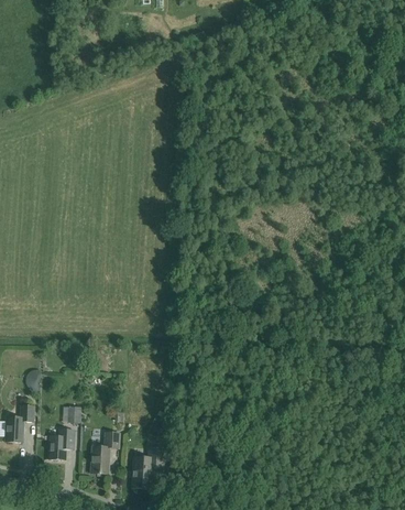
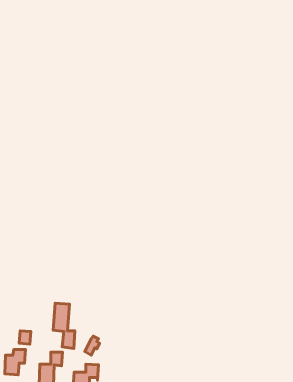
building: none -> [53,303,75,348]

